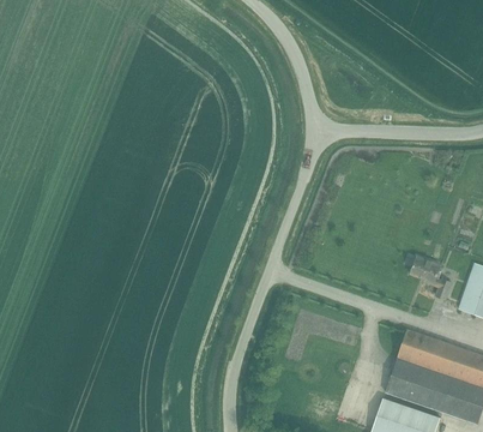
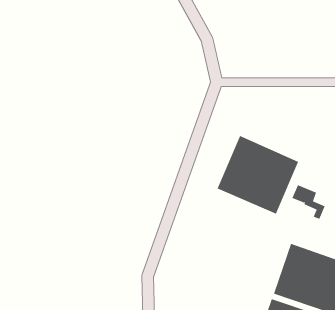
building: none -> [217,135,299,214]

